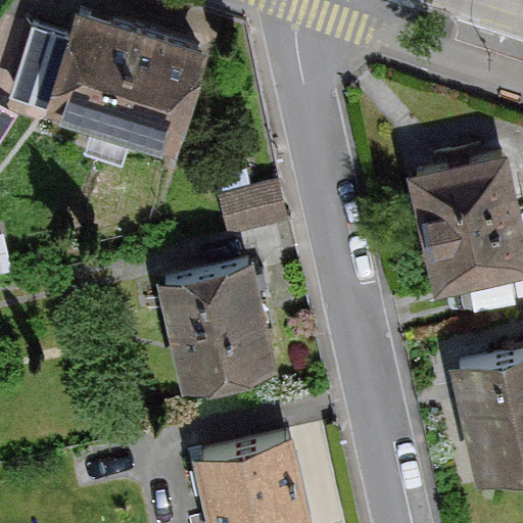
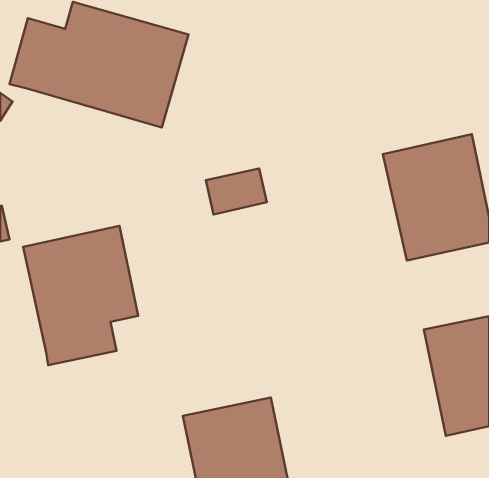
building: none -> [23,226,138,365]
building: [159,263,277,405] -> none

